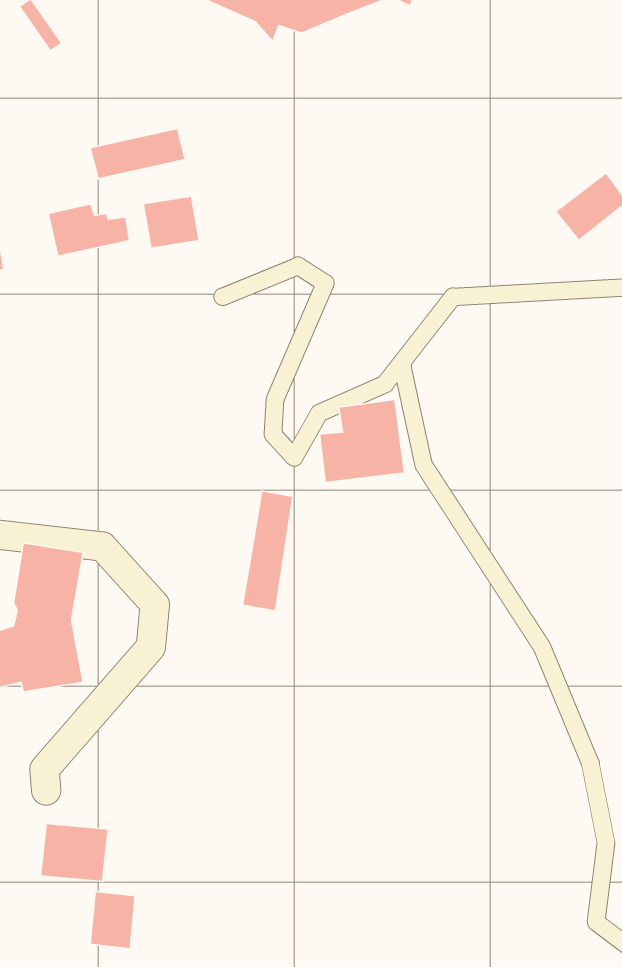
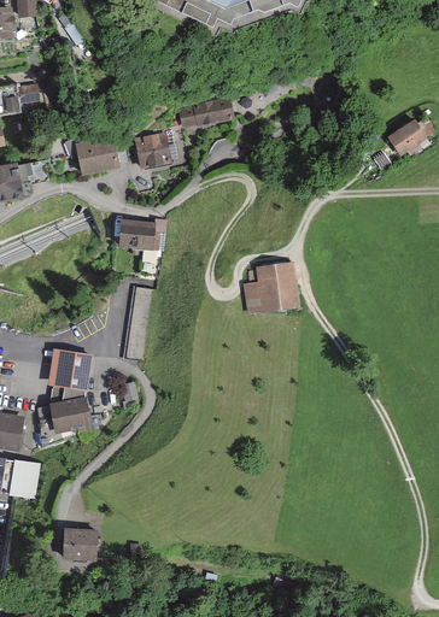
building: [90,128,185,179] -> [180,99,239,130]
building: none -> [122,219,162,281]
building: [242,491,293,611] -> [122,284,153,359]
building: [90,891,135,949] -> none

